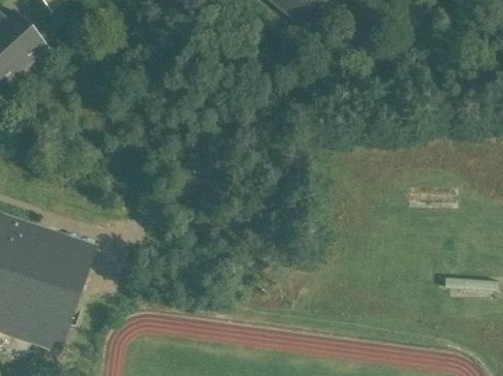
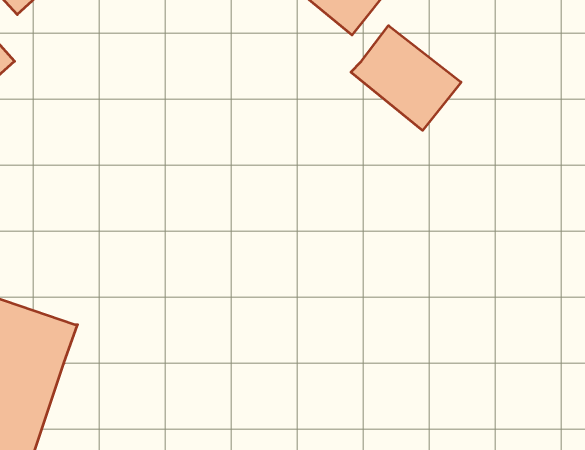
building: none -> [351,26,461,130]

